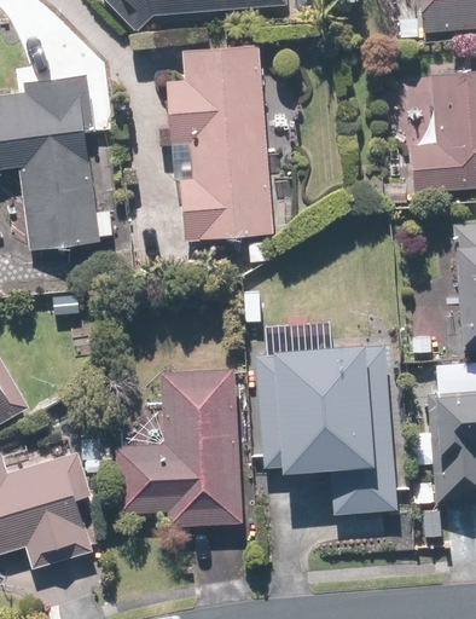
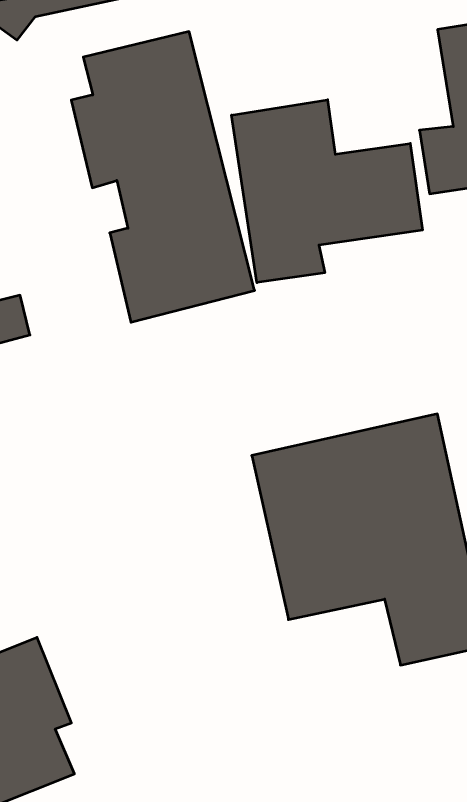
building: none -> [232,100,422,283]
building: [117,368,238,522] -> none

